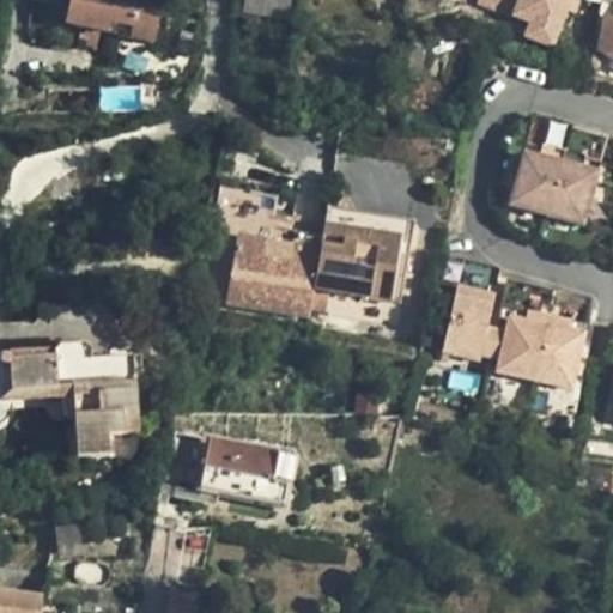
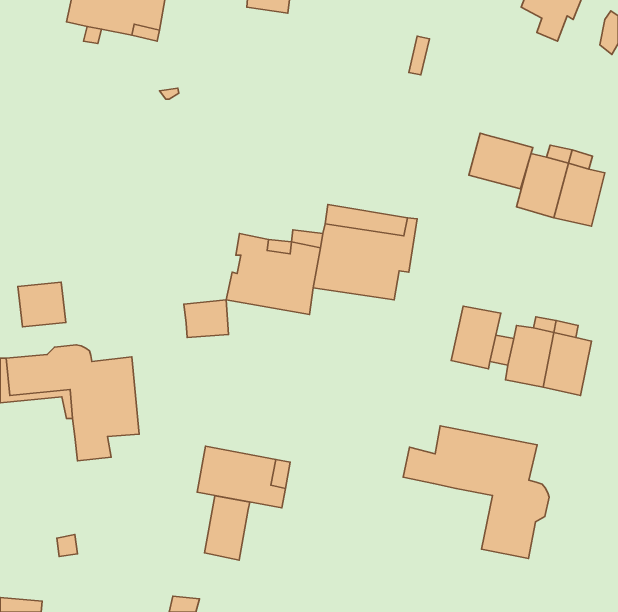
building: none -> [469,133,533,189]
building: none -> [18,282,66,327]
building: none -> [184,300,228,338]
building: none -> [403,426,549,559]
building: none -> [204,496,250,560]

